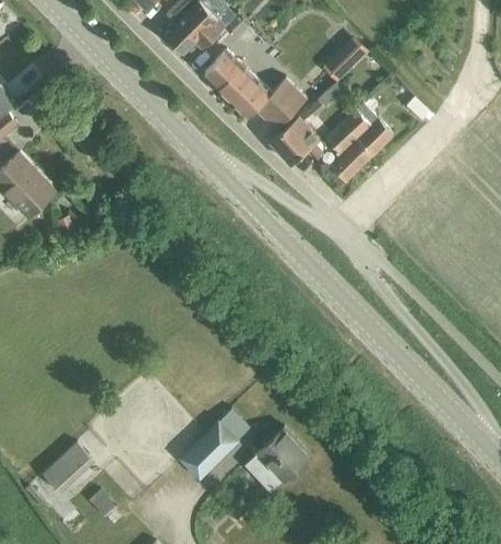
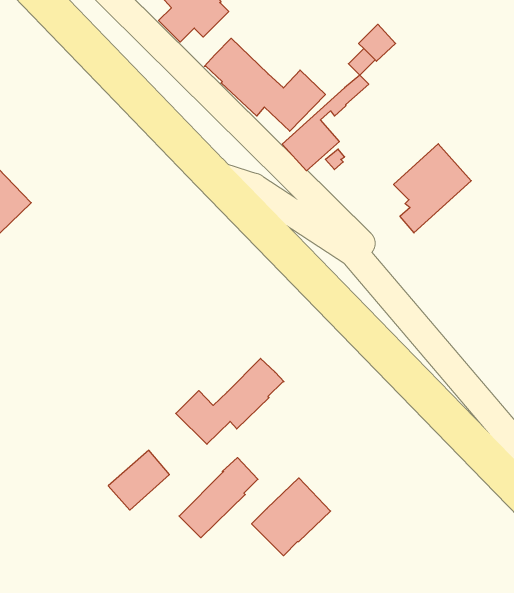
building: [325,103,392,179] -> [394,144,471,233]
building: none -> [176,358,284,444]
building: [41,442,94,494] -> [108,450,169,510]

